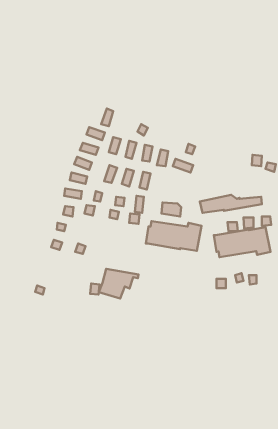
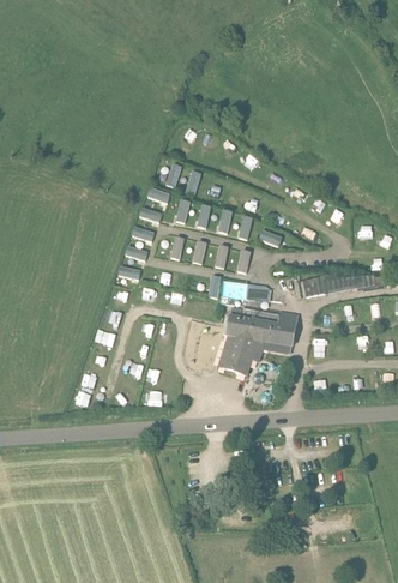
building: [214,227,270,257] -> none
building: [99,269,139,299] -> [216,336,267,374]

